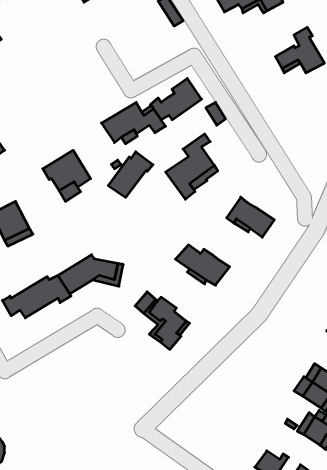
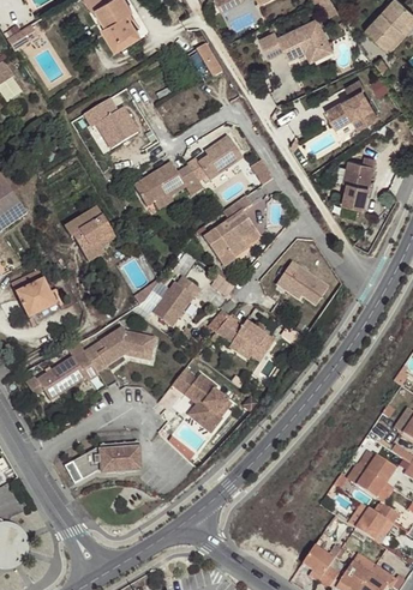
building: none -> [79,96,134,151]
building: none -> [343,158,375,206]
building: [108,152,153,197] -> [151,273,200,324]
building: none -> [71,441,139,477]

